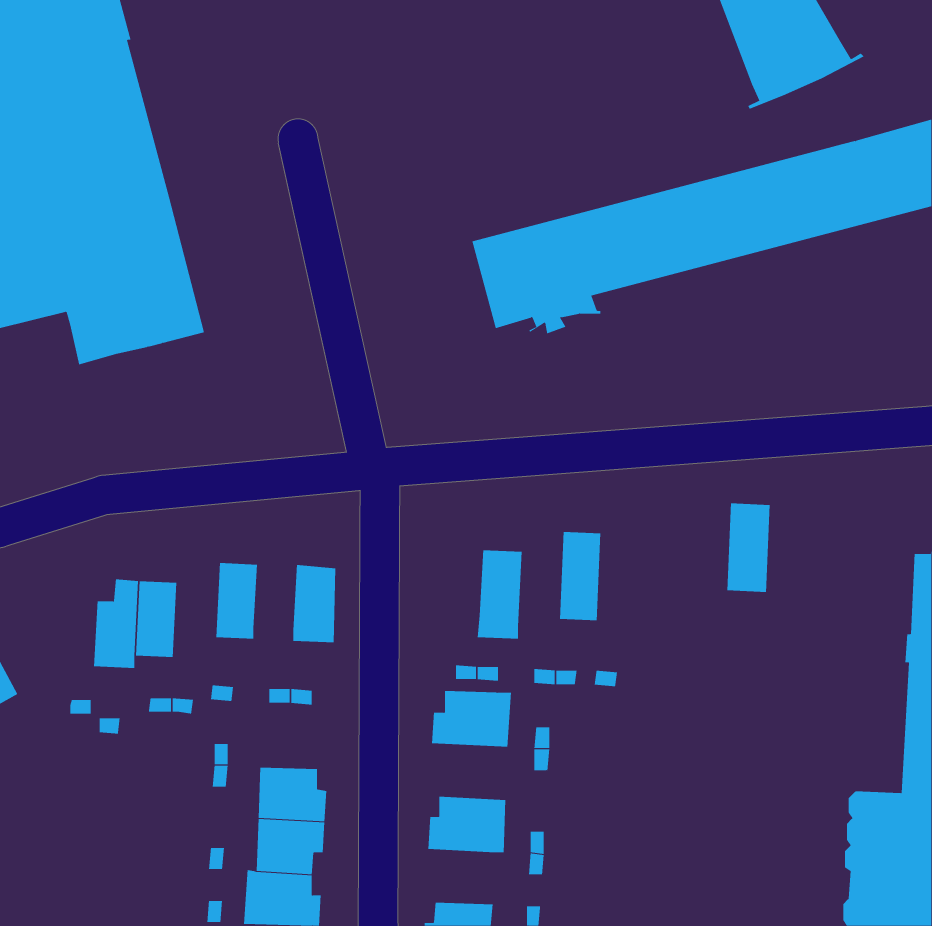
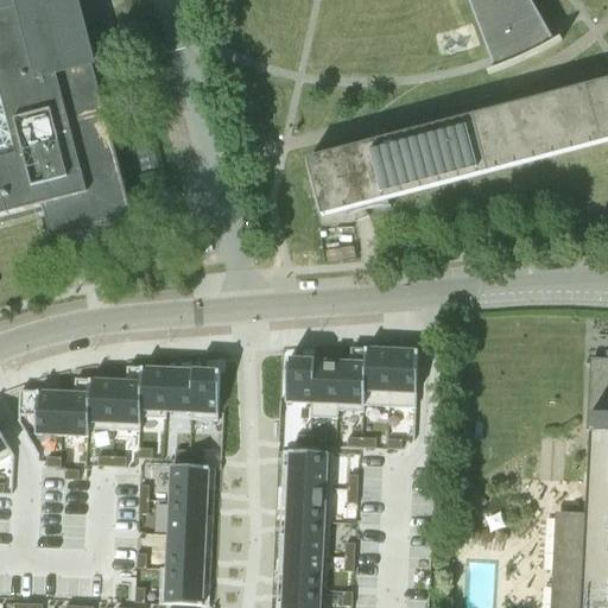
building: [727,503,770,592] -> [388,347,417,405]
building: none -> [337,346,366,408]
building: none -> [285,356,314,400]
building: none -> [113,365,142,429]
building: none -> [165,367,192,410]
building: none -> [18,388,63,433]
building: none -> [169,463,215,500]
building: none -> [280,483,330,520]
building: none -> [277,552,322,588]

